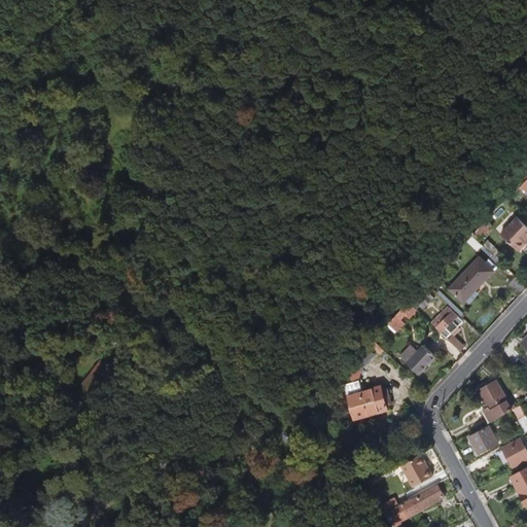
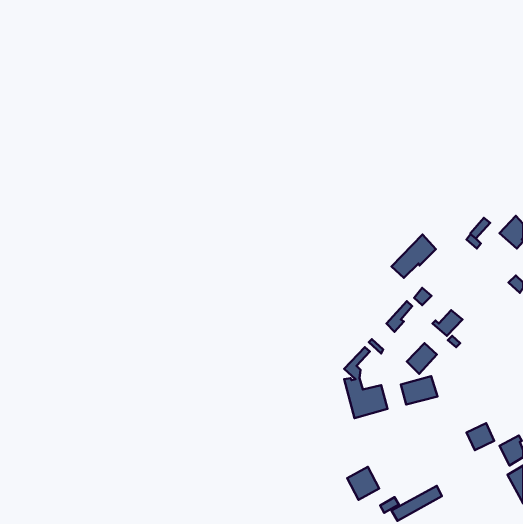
building: [449,257,493,301] -> [392,235,436,278]
building: none -> [401,376,438,404]
building: [478,380,511,422] -> none
building: [400,454,432,487] -> [347,467,379,500]

